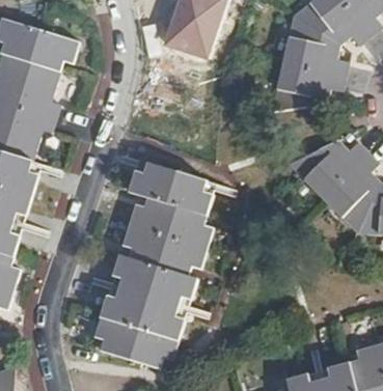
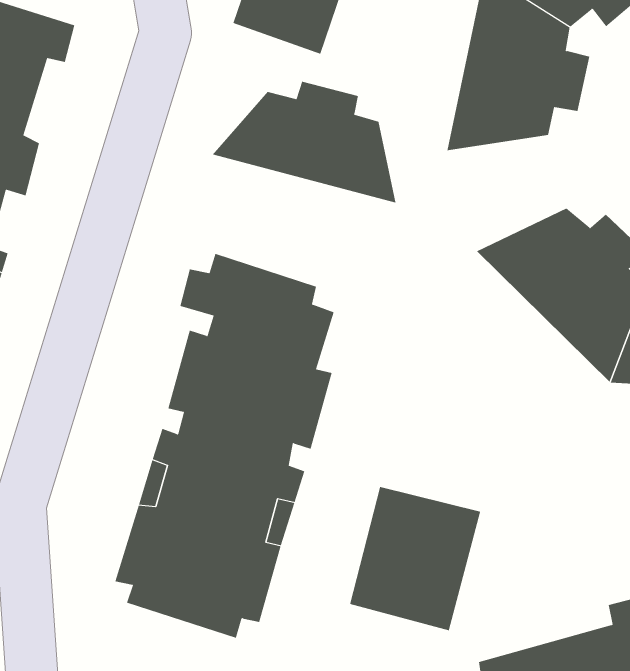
building: none -> [212,81,396,203]
building: none -> [349,486,481,631]

